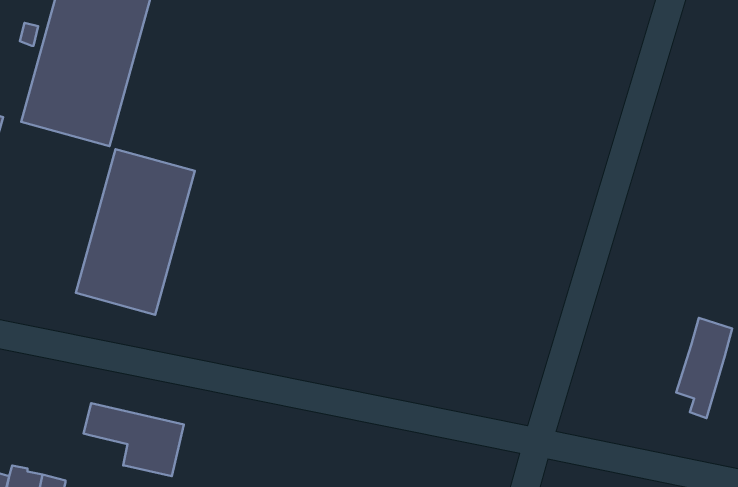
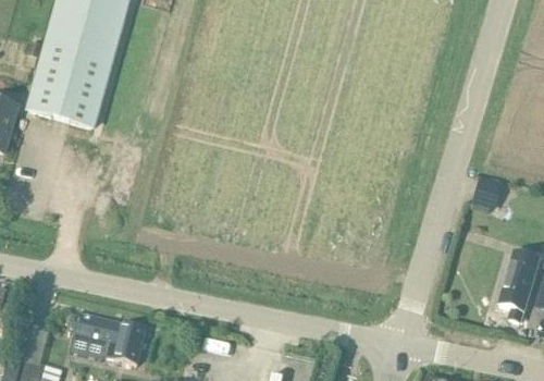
building: [76,149,195,315] -> none

